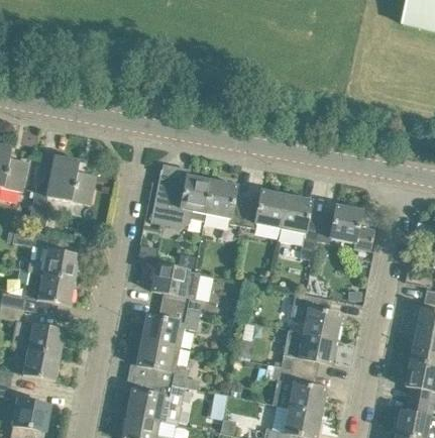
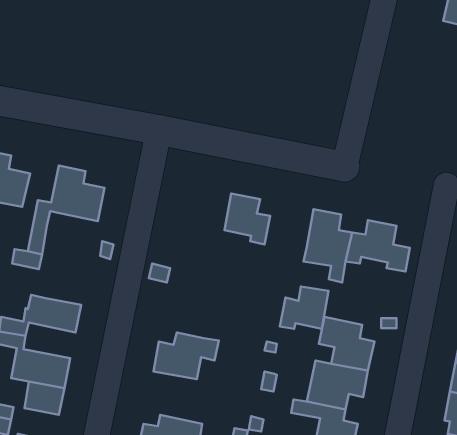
building: [149,175,211,229] -> none
building: [241,190,286,228] -> [280,287,329,329]
building: [27,248,80,281] -> none
building: [150,263,199,311] -> none
building: [135,341,189,389] -> none

